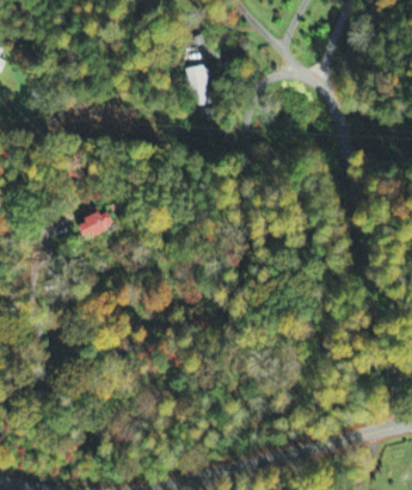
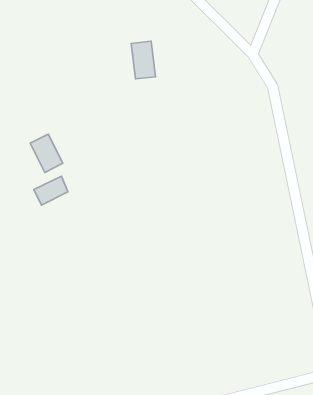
building: none -> [30,134,63,172]

